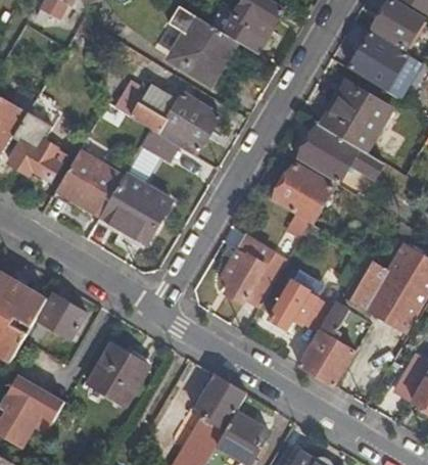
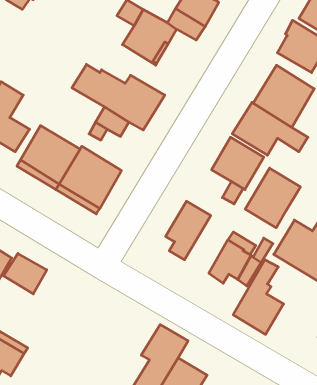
building: none -> [245,168,300,228]
building: [88,341,149,404] -> none

